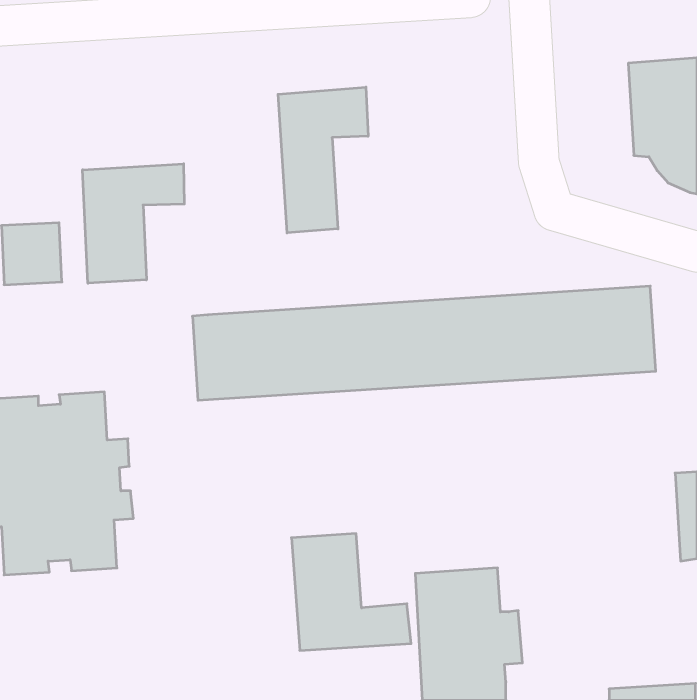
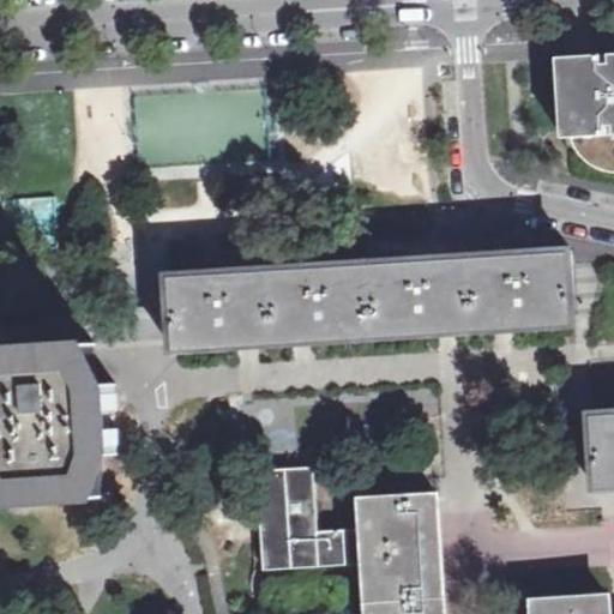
building: [278,87,368,233] -> none
building: [83,164,184,283] -> none

